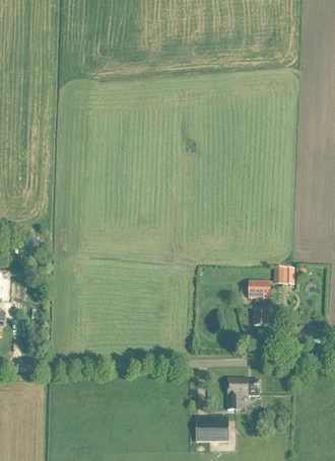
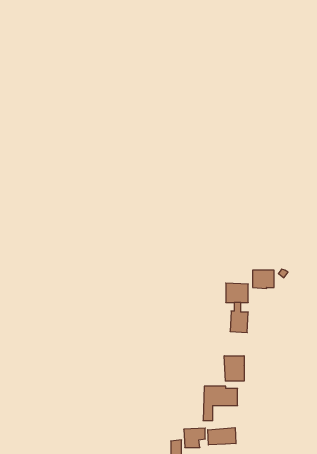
building: none -> [224,356,244,381]
building: none -> [208,428,236,445]

